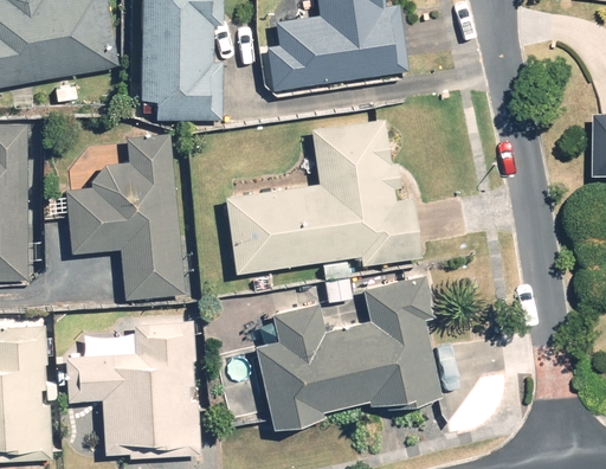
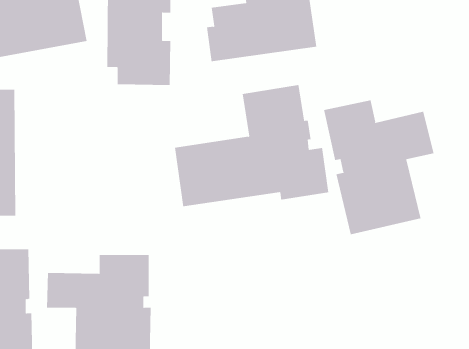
building: [65,133,183,301] -> none
building: none -> [323,100,434,235]
building: [256,278,441,431] -> none

